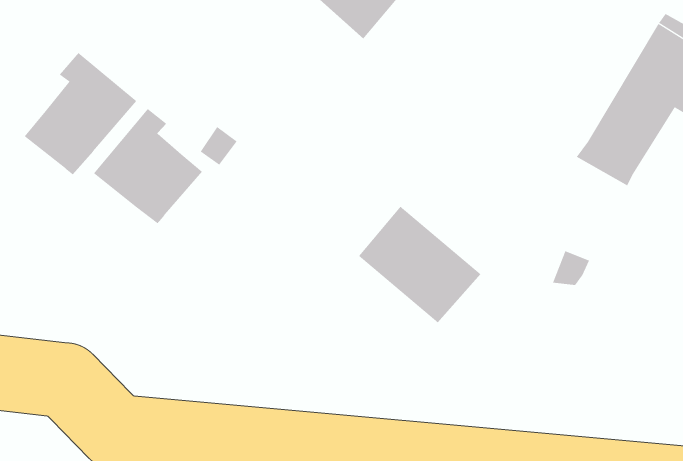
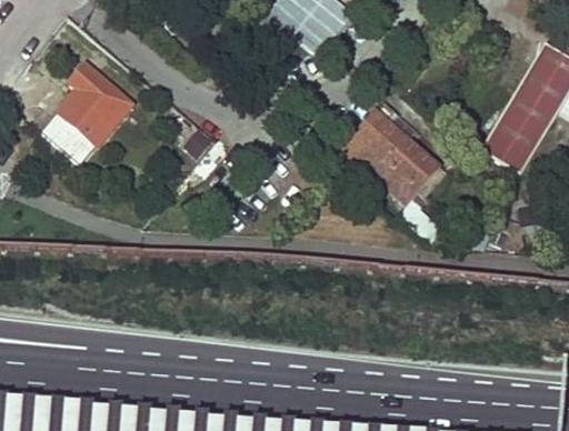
building: [93,108,203,224] -> none
building: [358,206,481,323] -> [345,109,442,202]

